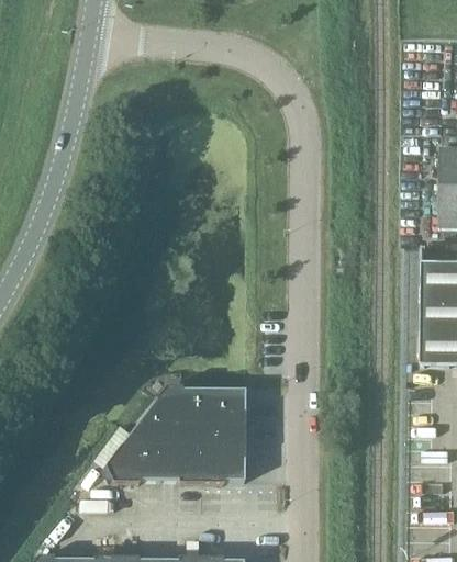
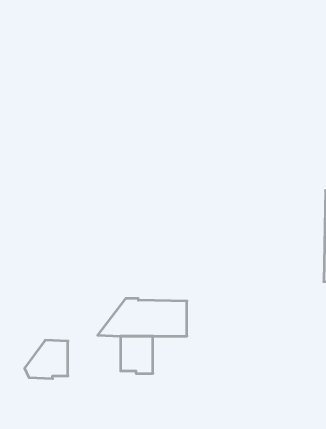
building: [103,432,159,482] -> [25,340,68,379]
building: [201,434,245,482] -> none

